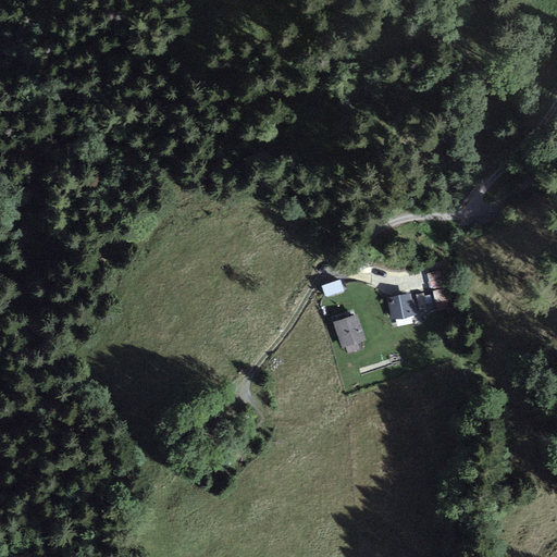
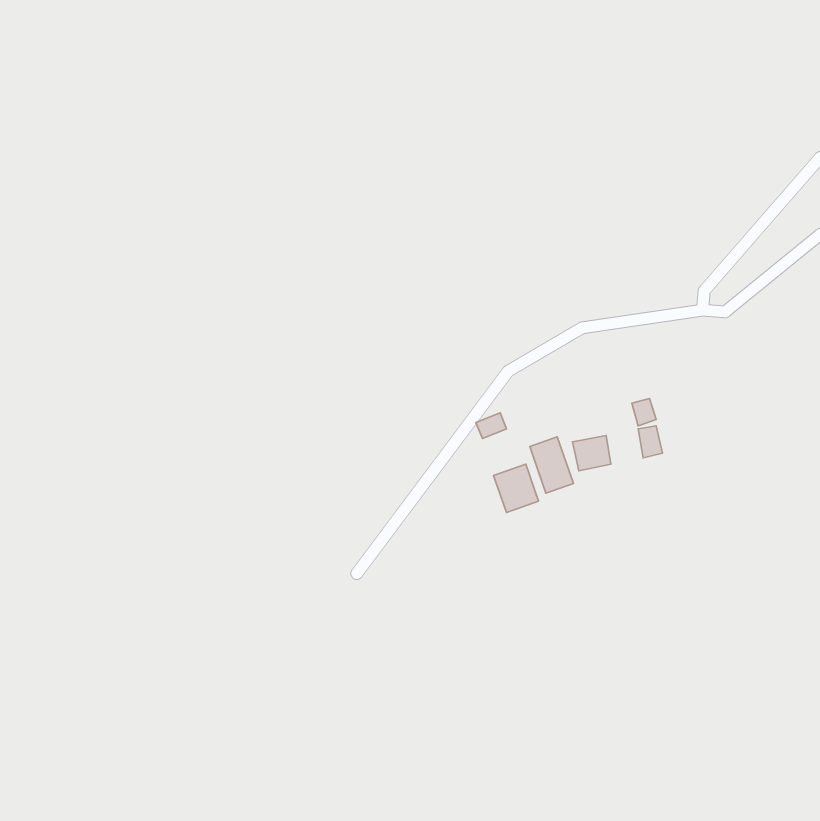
building: none -> [530,437,574,493]

